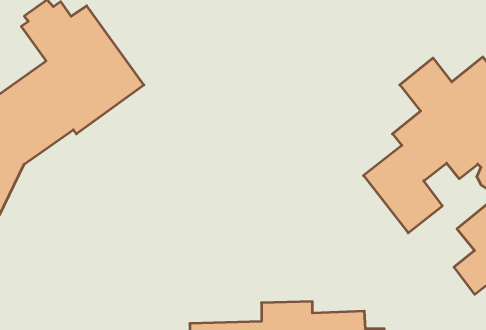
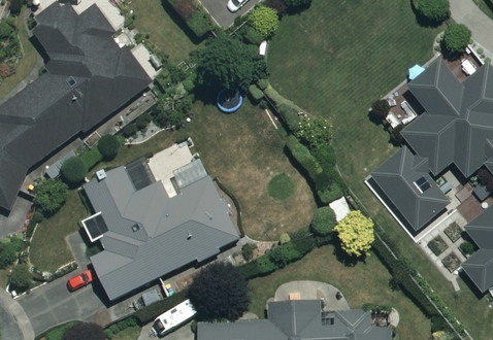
building: none -> [81,165,239,299]

